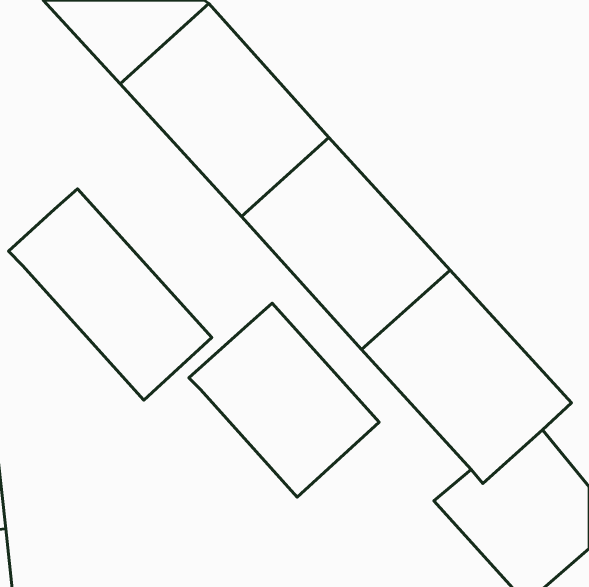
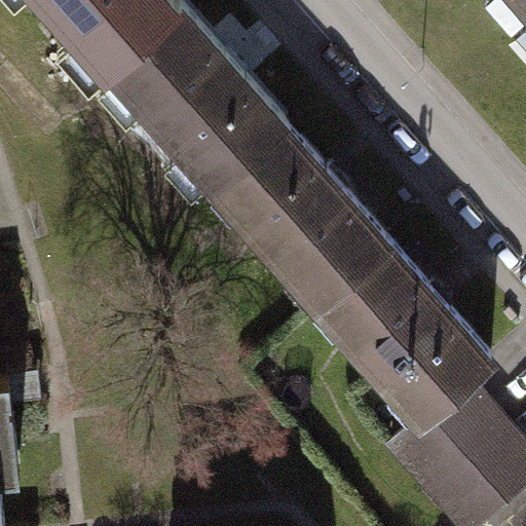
building: [8,189,212,400] -> none
building: [189,303,379,497] -> none

